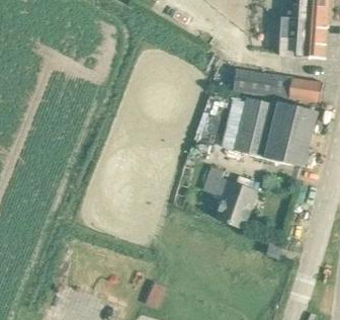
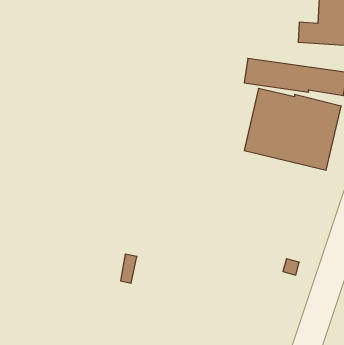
building: [202,165,256,228] -> none

